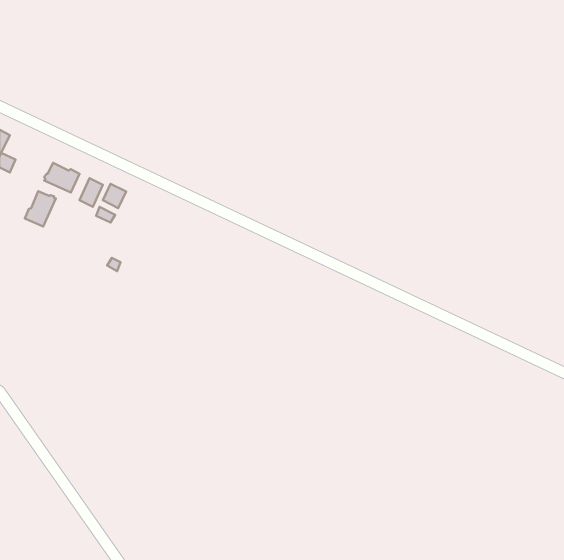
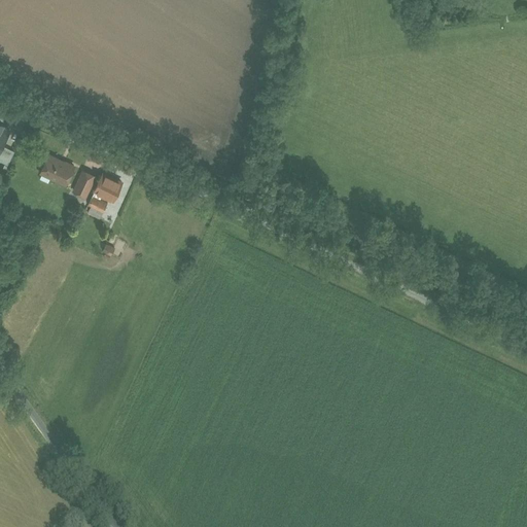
building: [25,191,56,227] -> none

